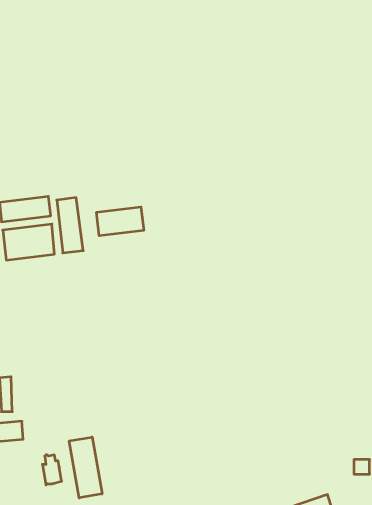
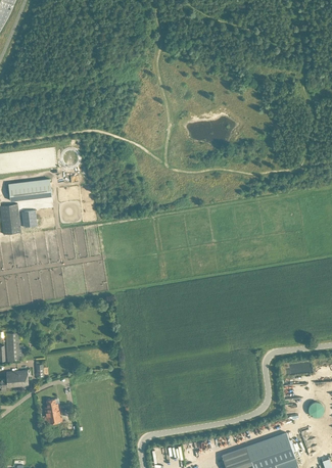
building: [97,207,144,236] -> none
building: [69,437,102,498] -> none

